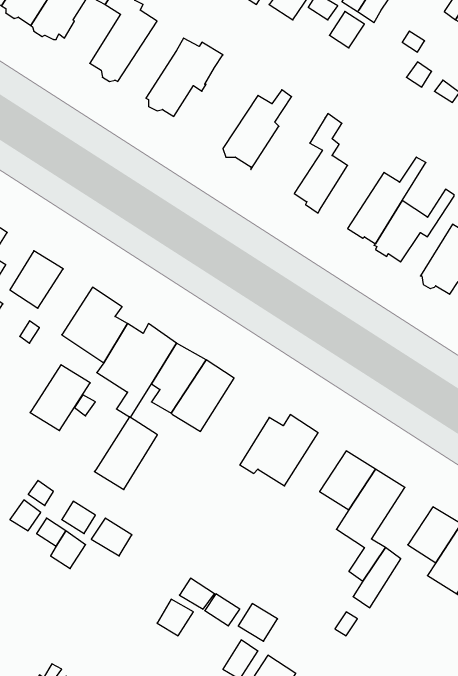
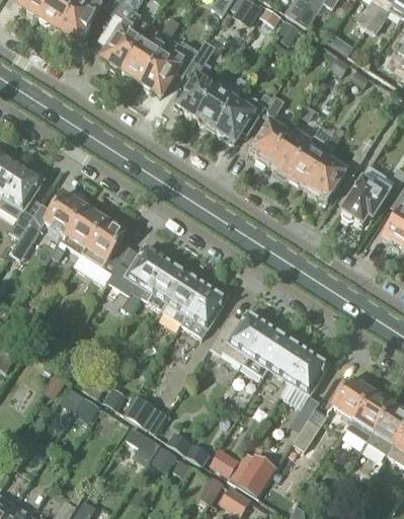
building: none -> [123,16,179,82]
building: none -> [176,40,224,119]
building: none -> [219,92,272,143]
building: none -> [268,123,315,176]
building: [30,365,90,431] -> [61,206,104,253]
building: [94,417,157,490] -> [181,285,227,338]
building: none -> [243,324,288,376]
building: none -> [124,394,167,433]
building: none -> [126,426,160,464]
building: none -> [231,447,277,495]

